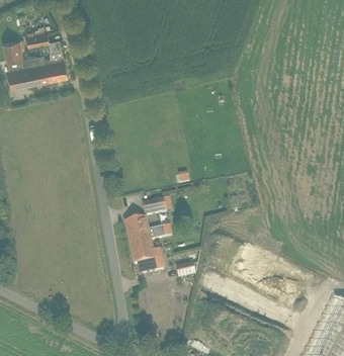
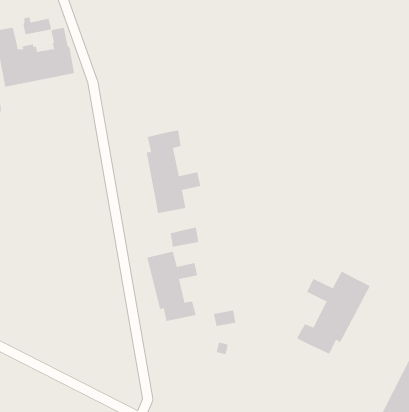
building: none -> [146,129,201,214]
building: none -> [296,271,370,355]

